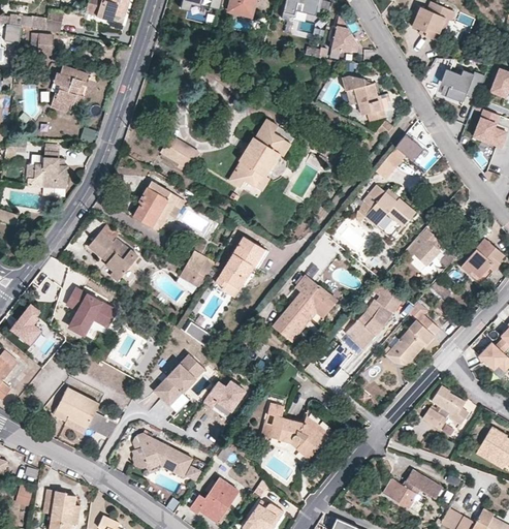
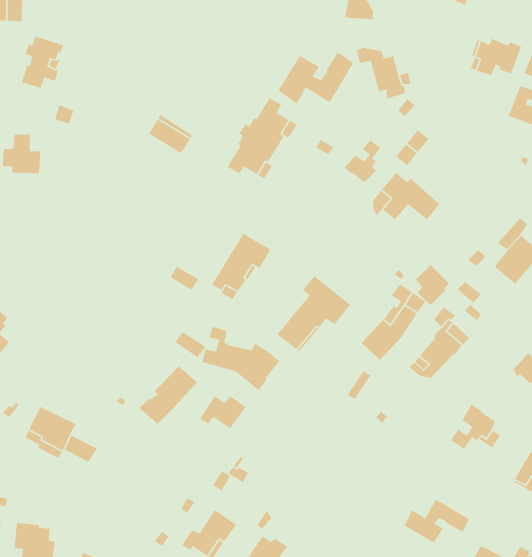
building: none -> [277,51,354,105]
building: [395,135,424,162] -> none
building: none -> [344,139,381,183]
building: [134,182,180,231] -> none
building: [414,229,444,266] -> [415,264,450,306]
building: [89,232,137,282] -> none
building: [186,251,216,278] -> none
building: [59,292,100,337] -> none
building: [260,403,328,460] -> [201,326,280,391]
building: [130,434,192,476] -> none

